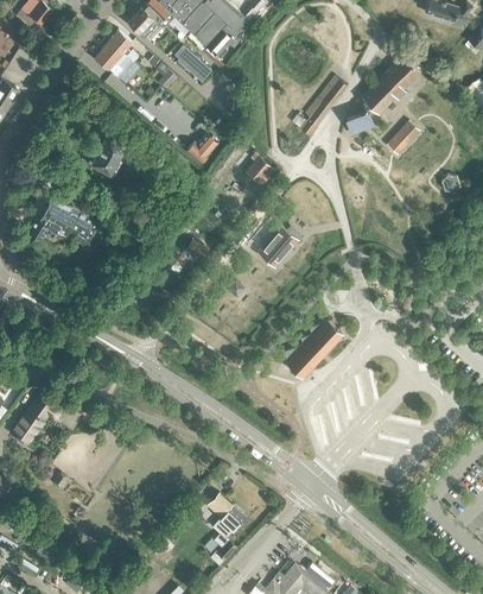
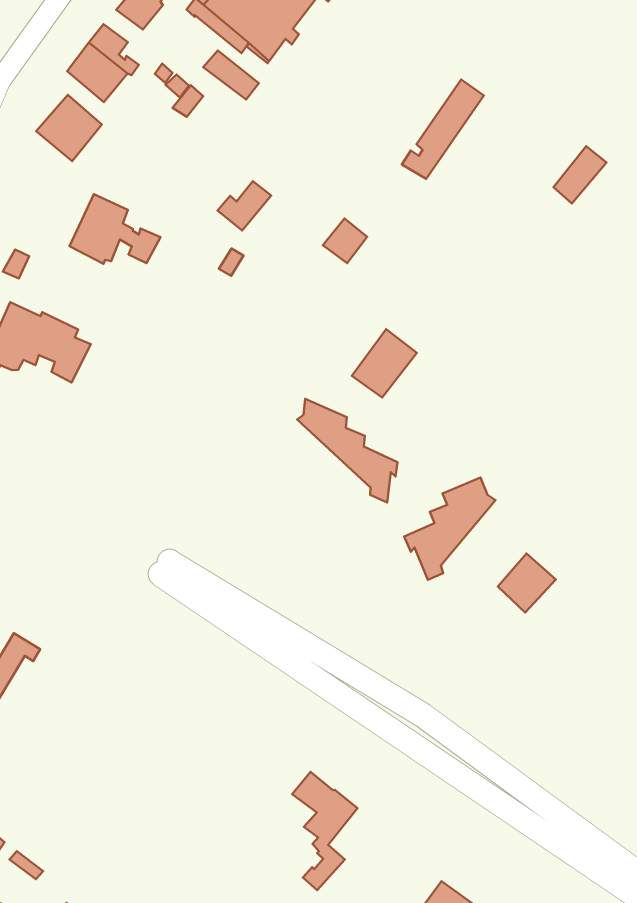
building: [347,56,420,134] -> none
building: none -> [36,95,102,161]
building: none -> [297,399,397,503]
building: none -> [498,554,556,613]

